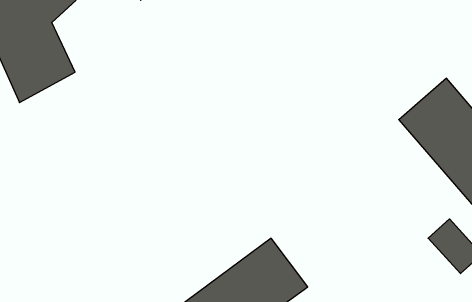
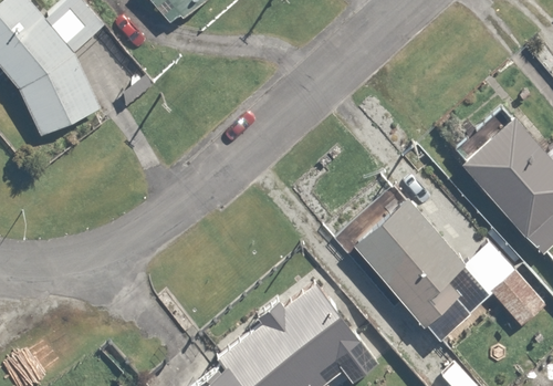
building: none -> [347,191,469,328]

